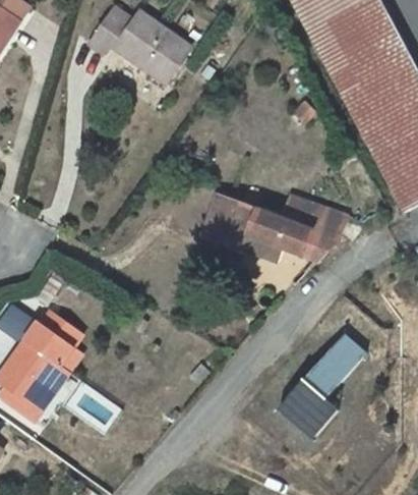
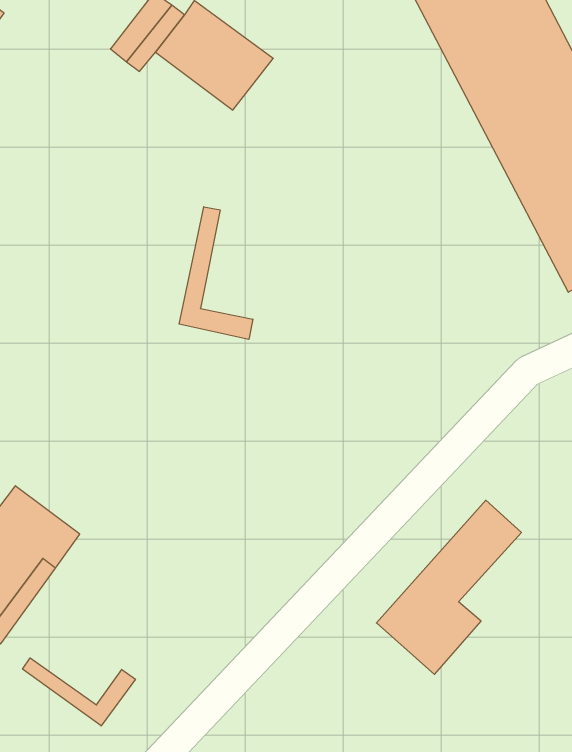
building: none -> [179,207,253,339]
building: [211,183,350,263] -> none
building: none -> [23,658,135,726]

